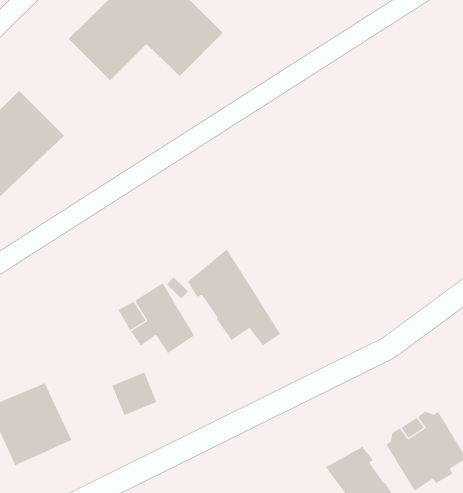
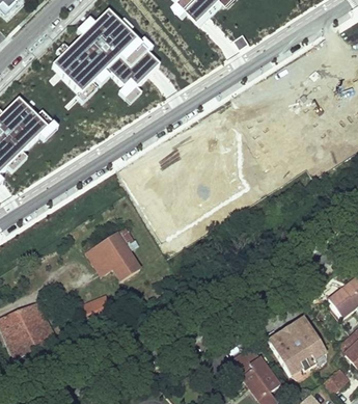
building: [187,249,281,346] -> none

